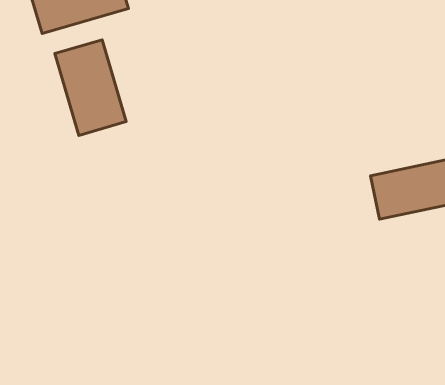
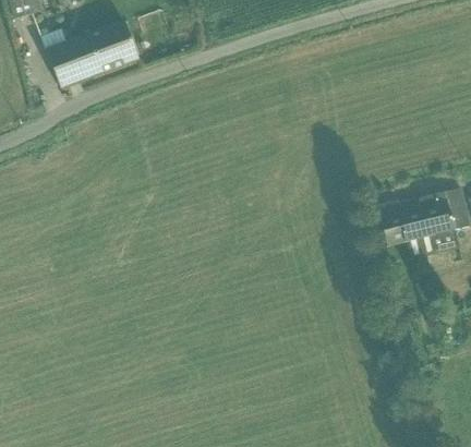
building: [55,40,126,135] -> none

